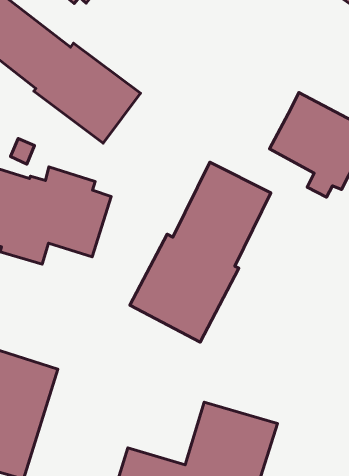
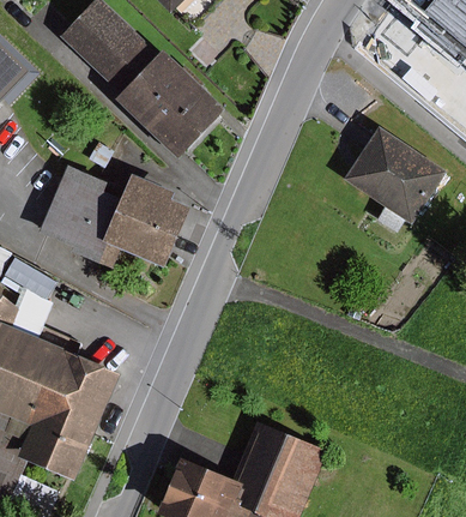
building: [130,162,271,342] -> none

